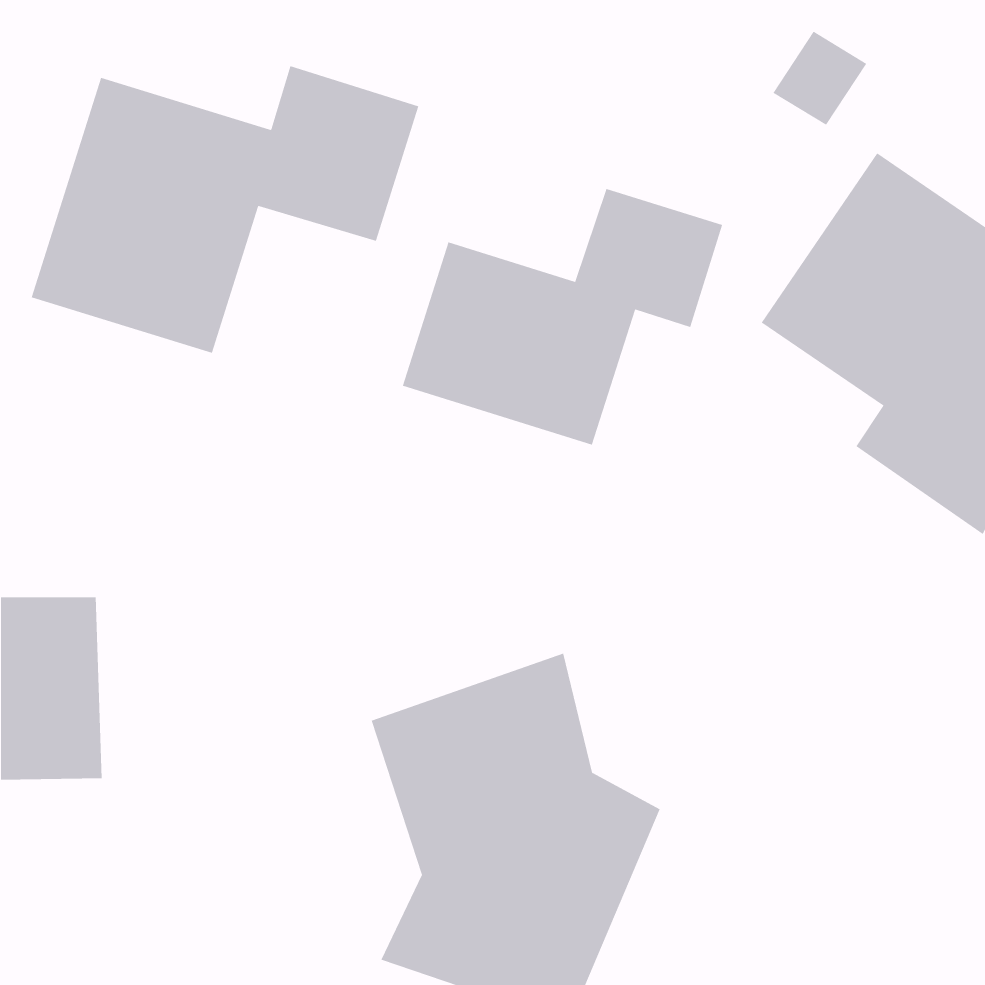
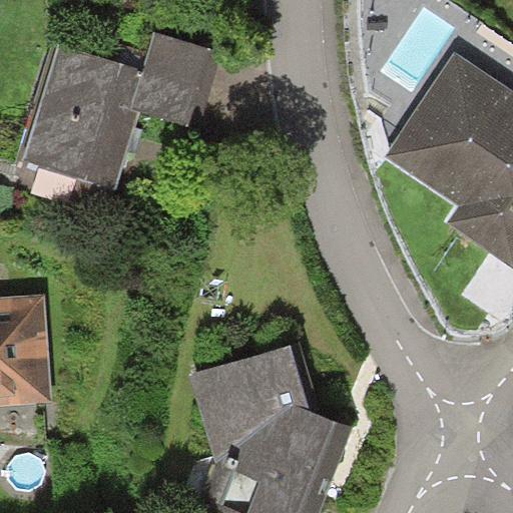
building: [402,188,723,445] -> none

